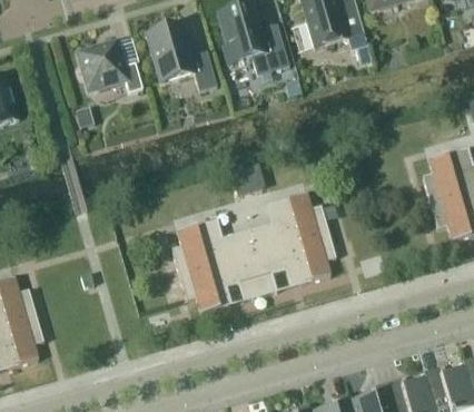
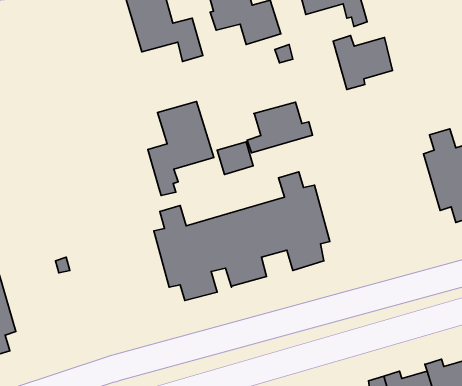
building: [78,41,142,91] -> none
building: none -> [333,35,393,89]
building: none -> [148,101,214,195]
building: none -> [247,102,313,153]

